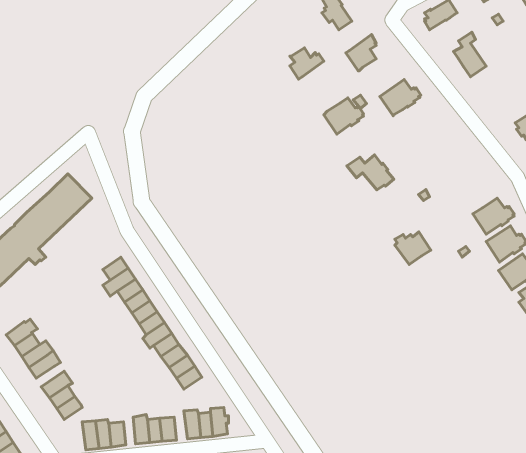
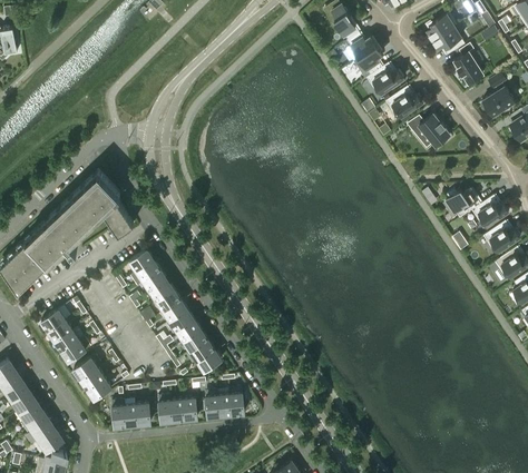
building: none -> [432,27,467,57]
building: [290,48,324,79] -> [348,33,379,62]
building: none -> [483,73,516,117]
building: [324,98,364,134] -> [368,63,404,97]
building: [347,155,394,190] -> [408,114,451,146]
building: none -> [106,201,135,235]
building: [395,232,431,265] -> [448,188,481,218]

